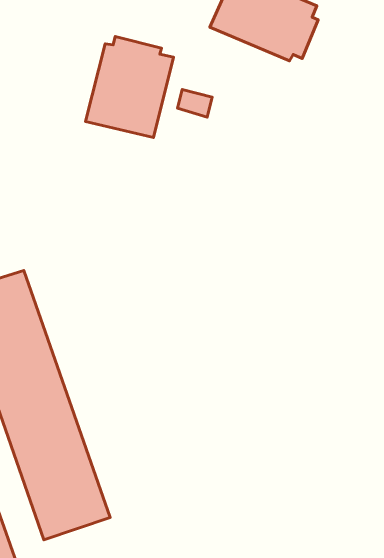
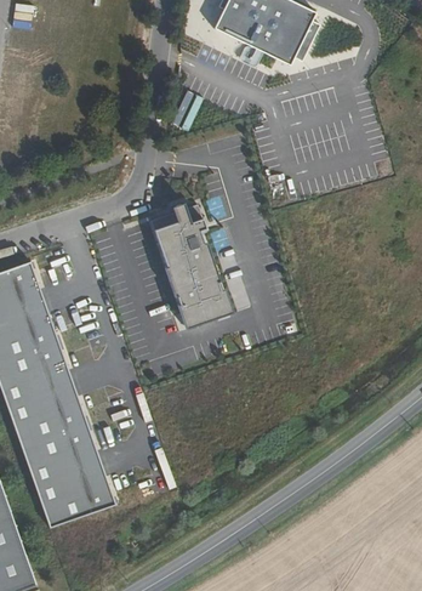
building: [85,36,173,138] -> none
building: none -> [149,201,233,328]

